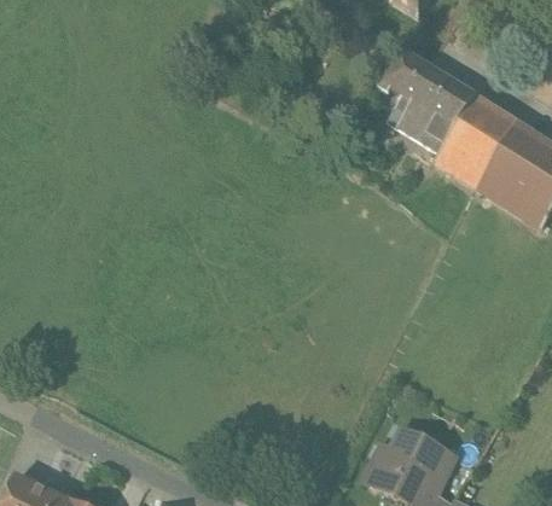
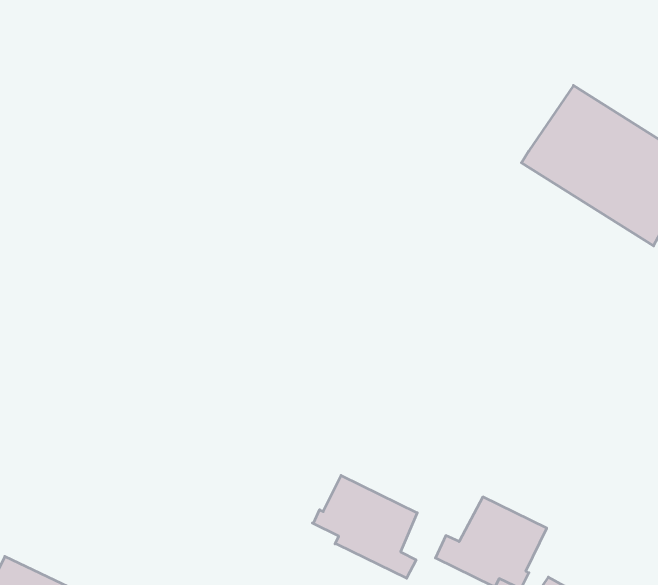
building: [377,50,476,149] -> none
building: none -> [312,475,417,578]

